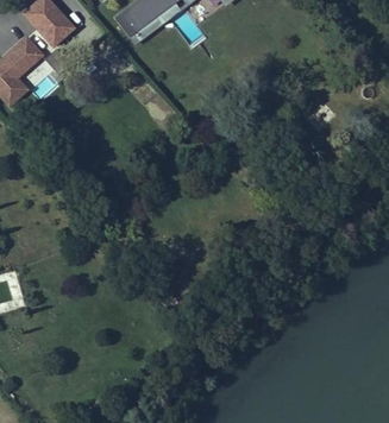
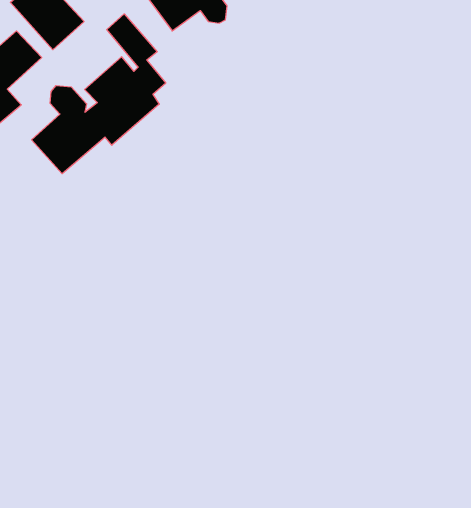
building: none -> [32,14,166,174]

